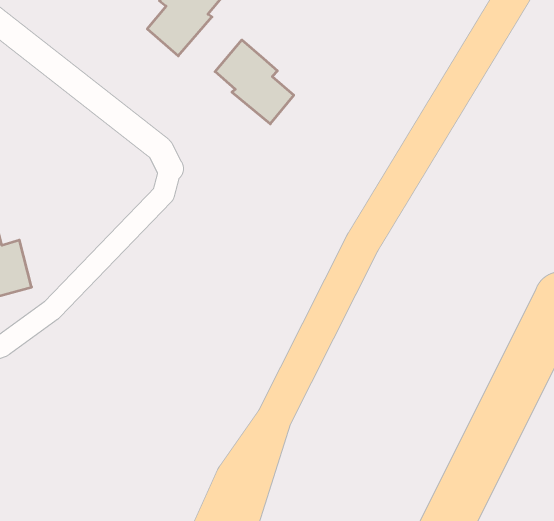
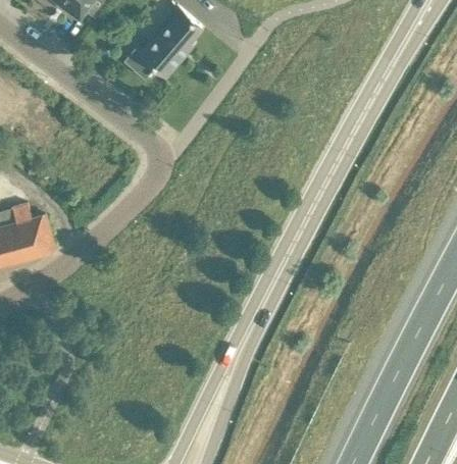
building: [215,40,294,124] -> none

